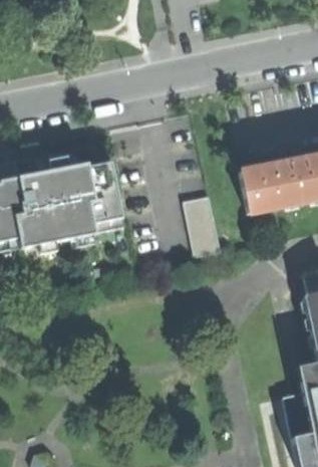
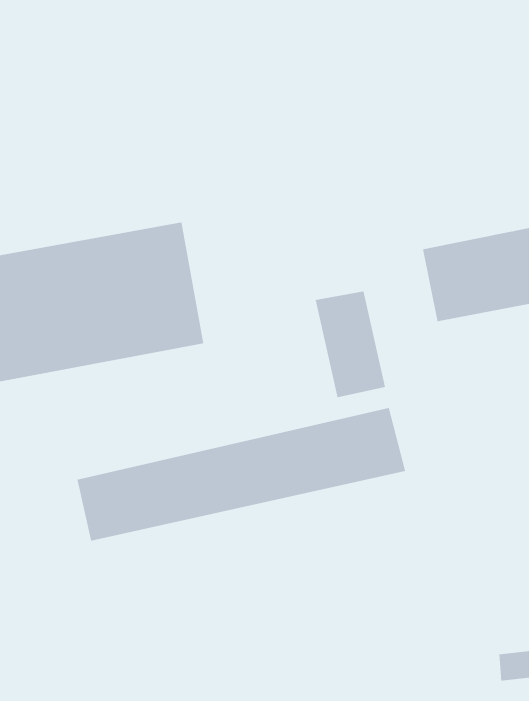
building: none -> [77,407,406,541]

